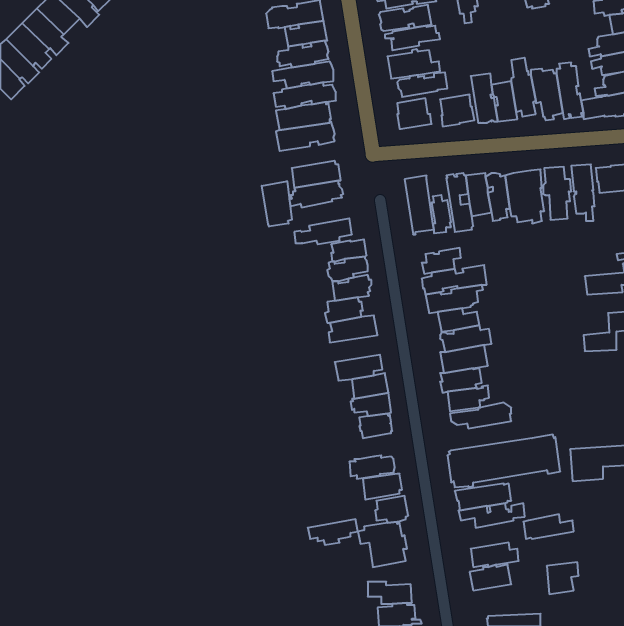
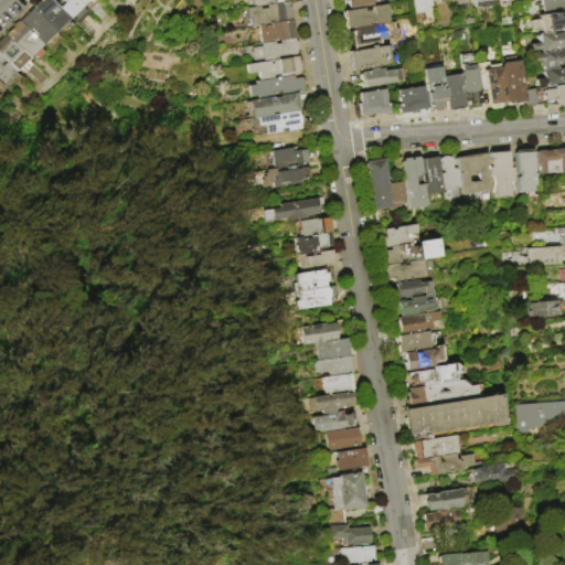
building: [262,181,292,227] -> none
building: none -> [407,377,481,405]
building: [308,519,358,545] -> [310,390,355,413]

